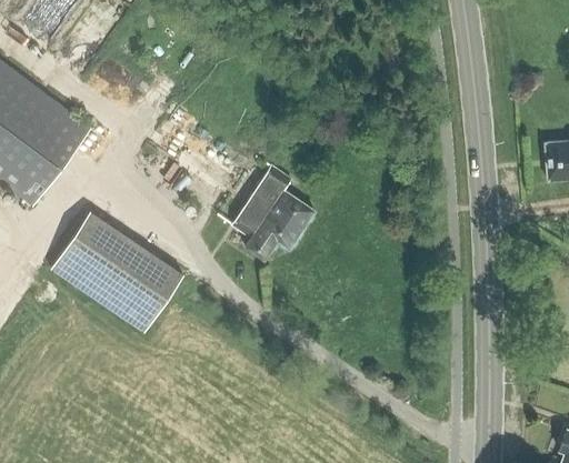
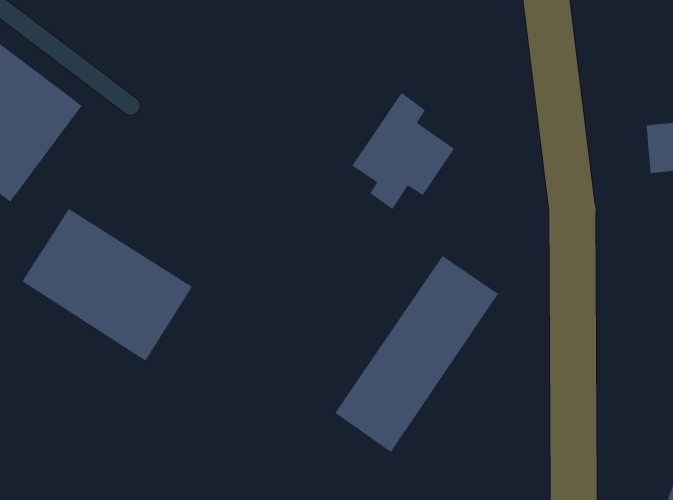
building: [232,165,316,260] -> [351,92,455,210]
building: none -> [334,255,499,453]

